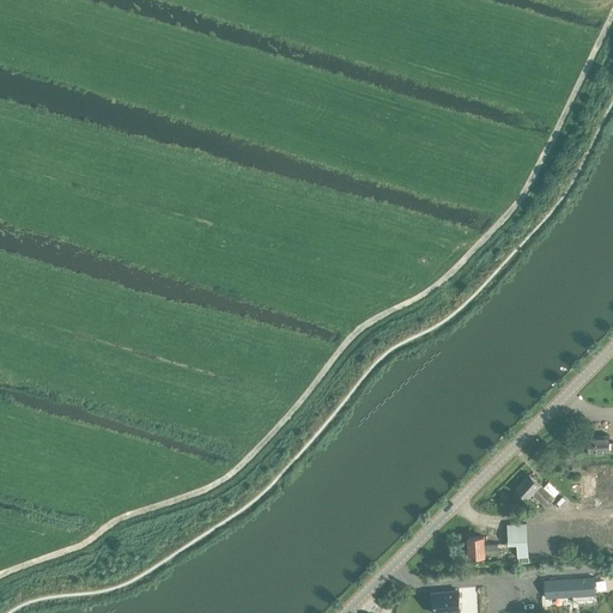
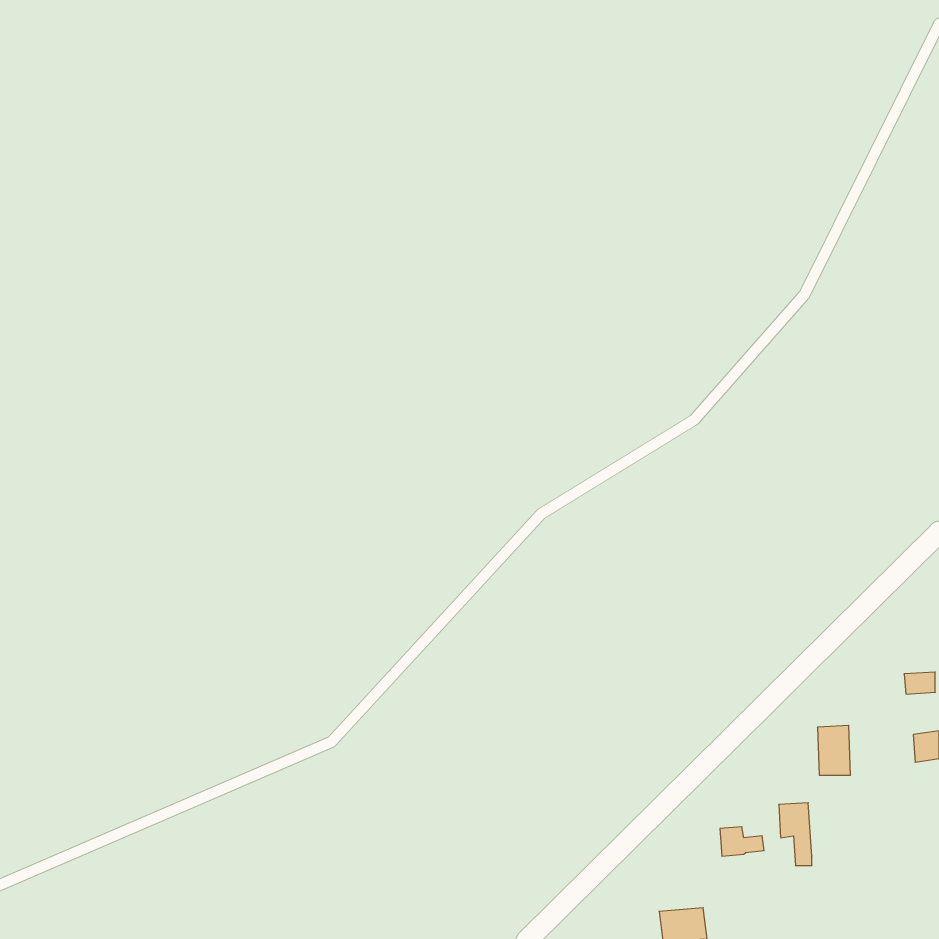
building: [544,578,594,599] -> none

